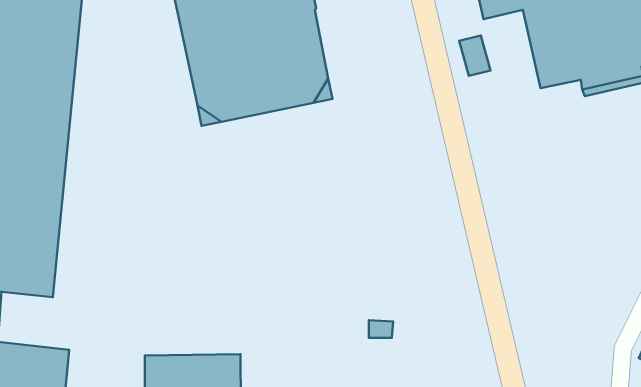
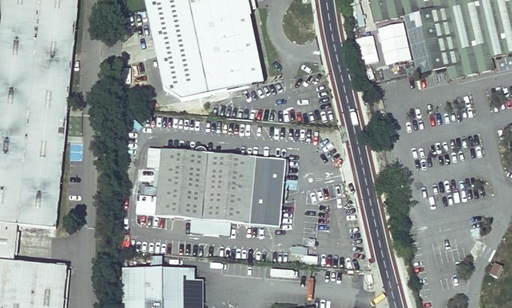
building: none -> [377,21,411,64]
building: none -> [135,146,287,224]

